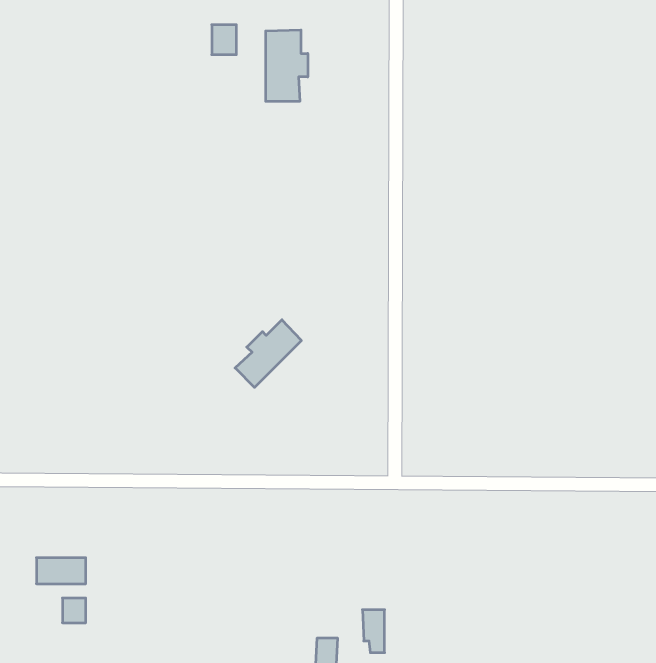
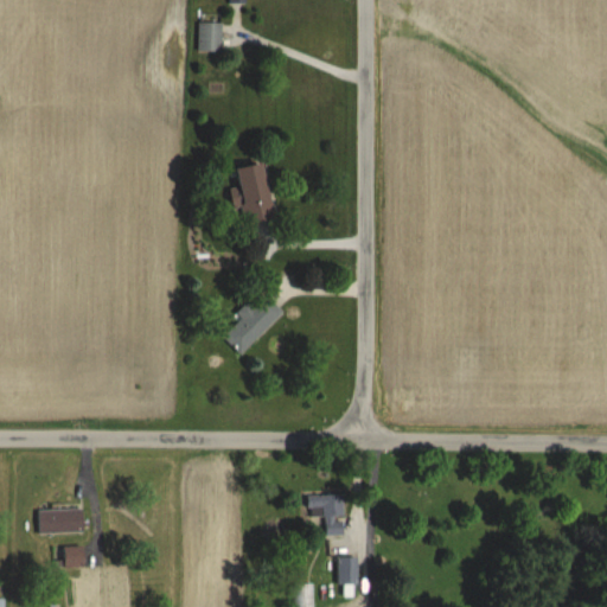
building: [266,30,308,101] -> none
building: none -> [231,161,274,225]
building: none -> [307,496,345,535]

